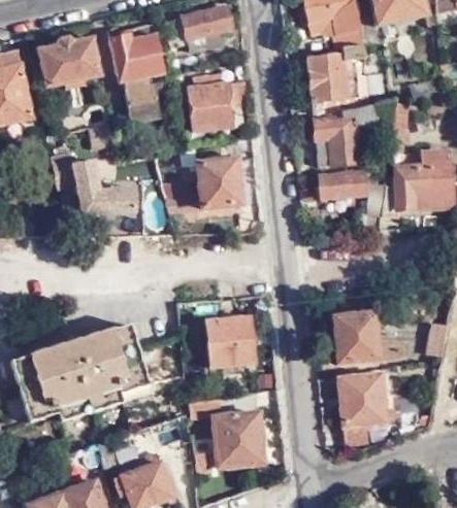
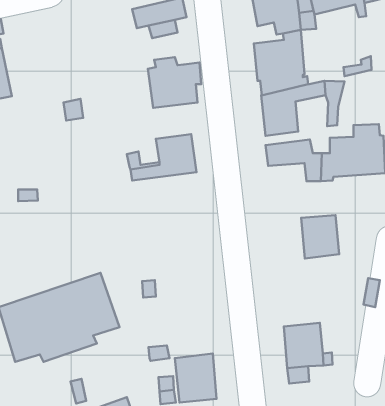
building: [108,32,163,122] -> none
building: [37,37,99,87] -> none
building: [52,153,137,210] -> none
building: [335,315,379,365] -> [301,215,339,259]
building: [209,317,256,365] -> none

